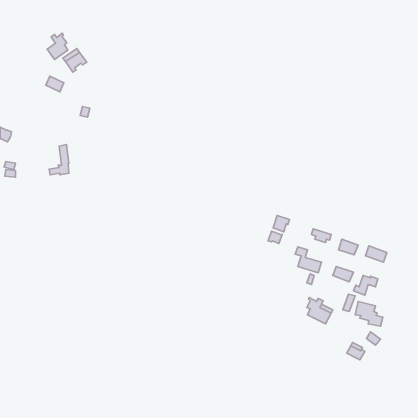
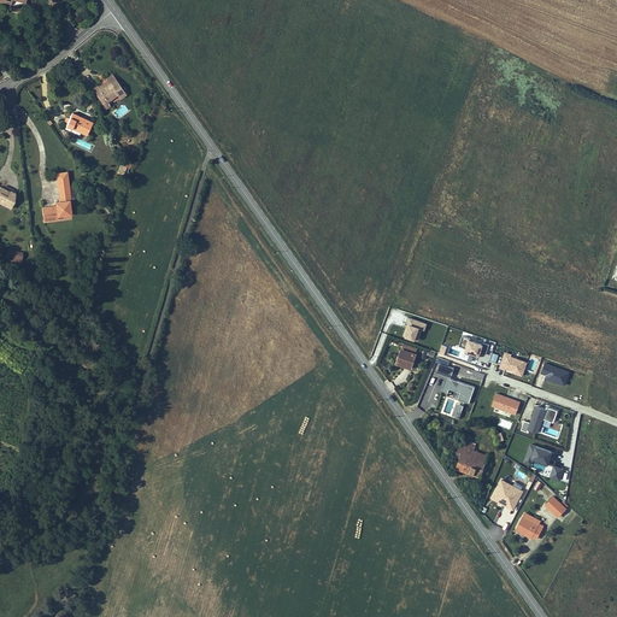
building: [47,33,68,60] -> none
building: [49,145,69,175] -> [42,172,71,217]
building: none -> [490,480,523,531]

